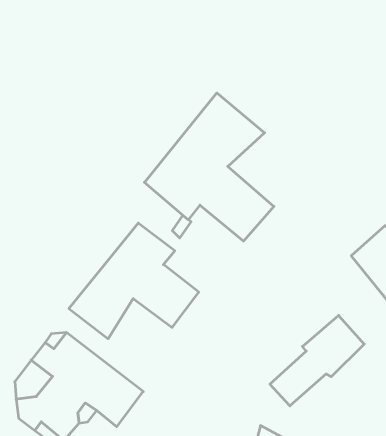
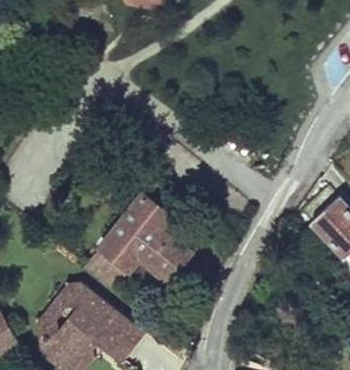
building: [144,93,274,241] -> none
building: [270,315,364,406] -> none

